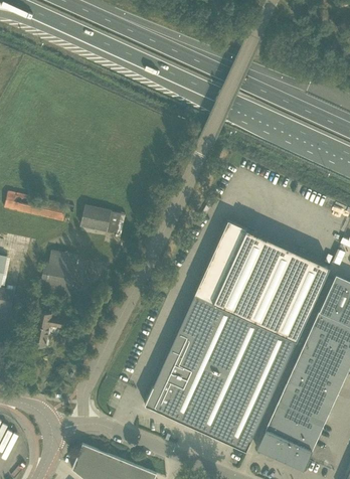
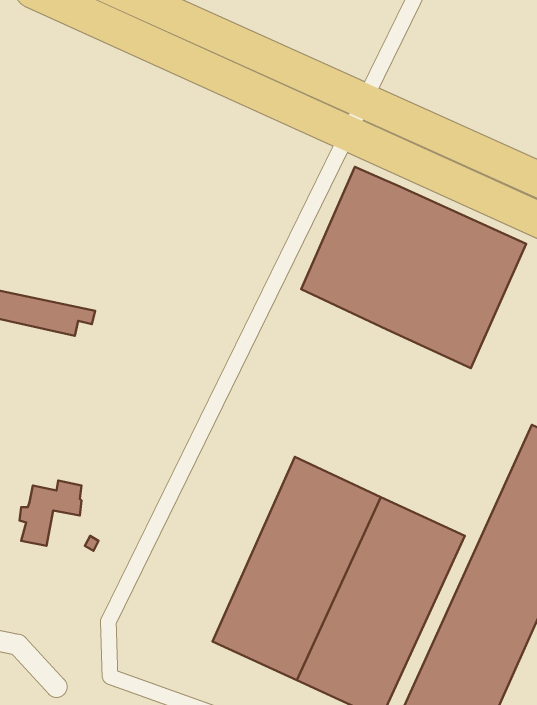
building: [81,207,122,235] -> none
building: [195,221,330,342] -> [301,167,526,368]
building: [39,252,78,299] -> none

